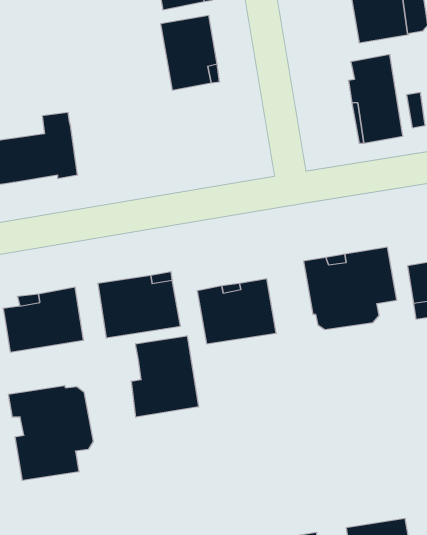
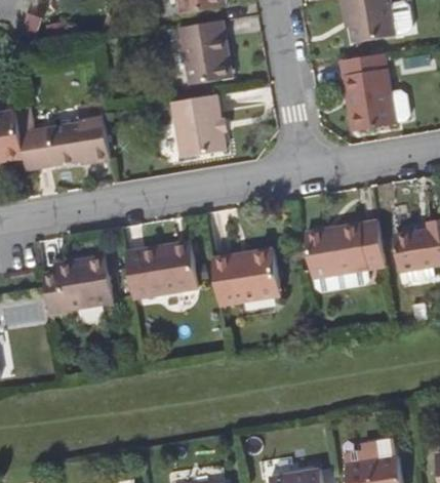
building: none -> [172,93,225,157]
building: [131,336,198,417] -> none
building: [8,385,93,481] -> none

